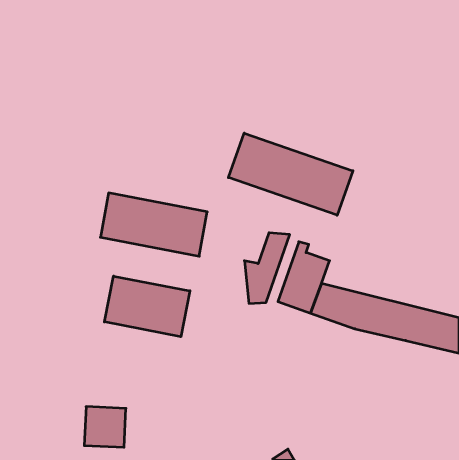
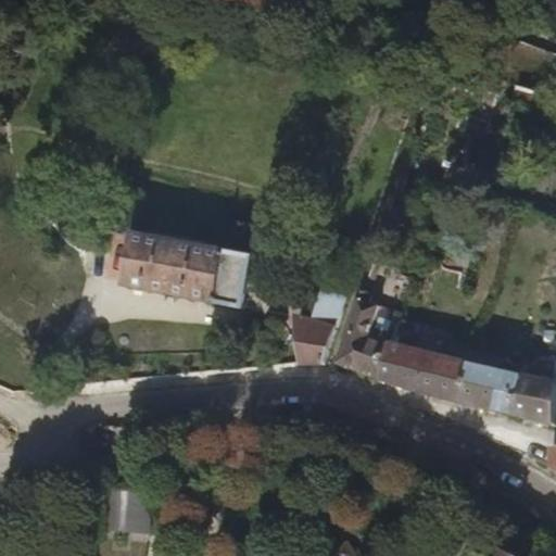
building: [228,133,353,215] -> none
building: [104,276,190,337] -> none

